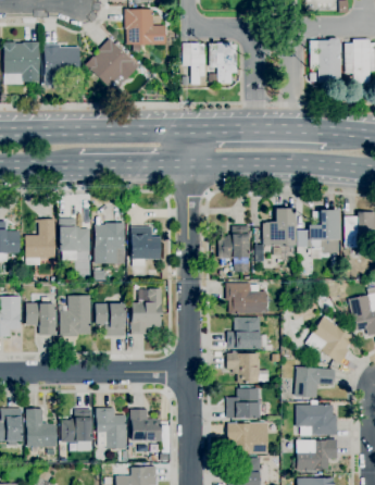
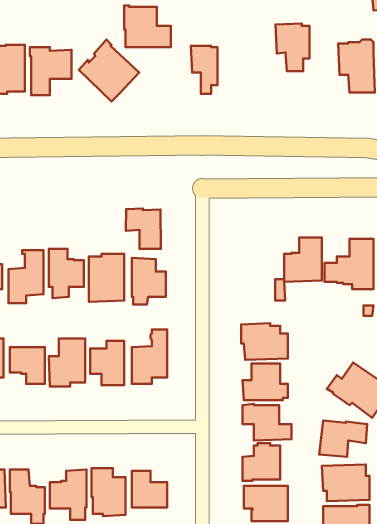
building: [209,42,238,84] -> [275,23,309,71]
building: none -> [126,209,161,249]
building: [218,226,249,272] -> none

